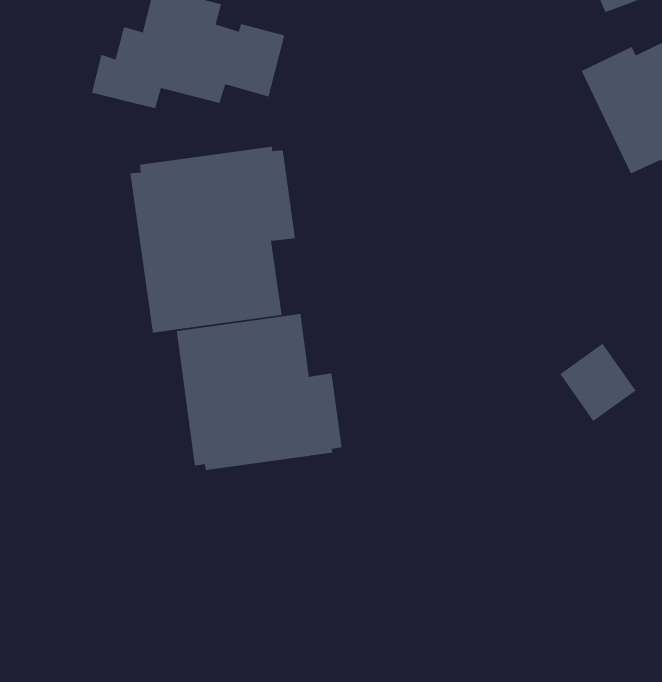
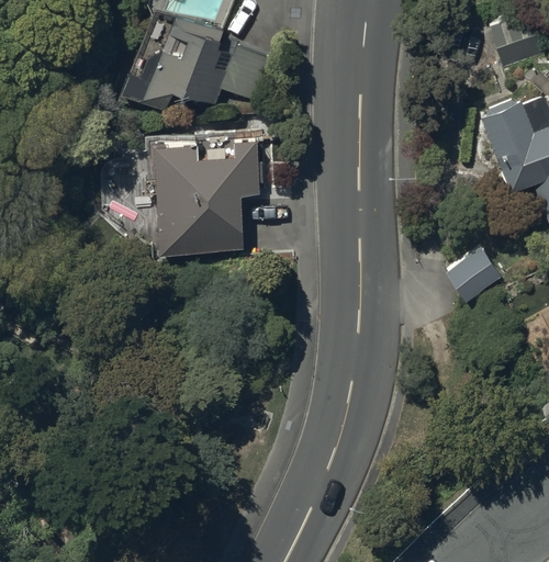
building: [176,313,342,471] -> none
building: [560,343,636,422] -> [446,245,501,302]

